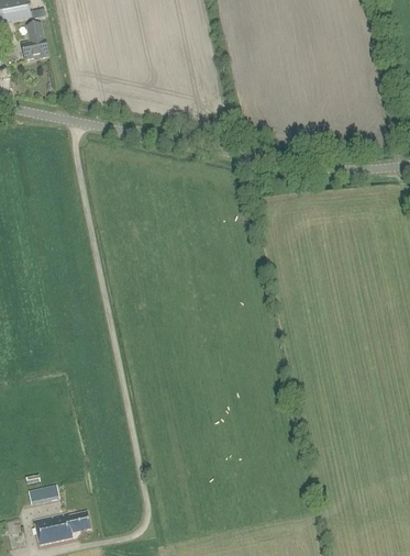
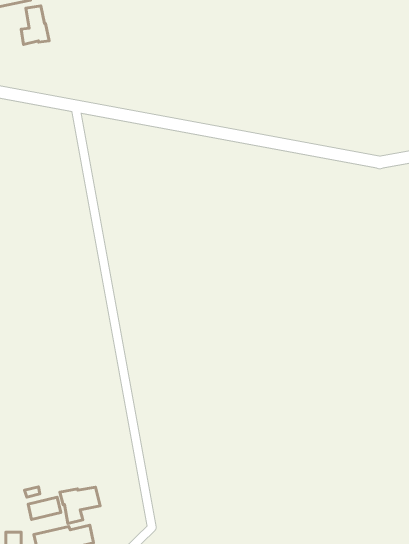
building: none -> [60,487,100,524]

